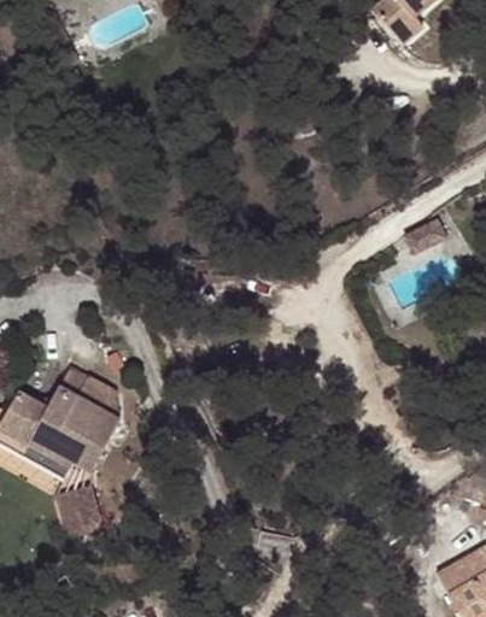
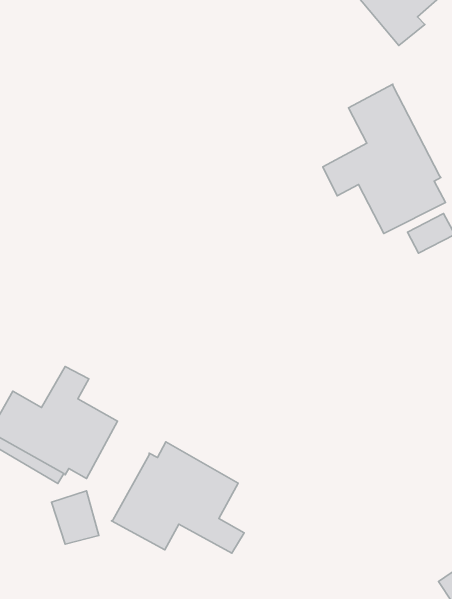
building: none -> [323,84,446,233]
building: none -> [112,442,244,553]

